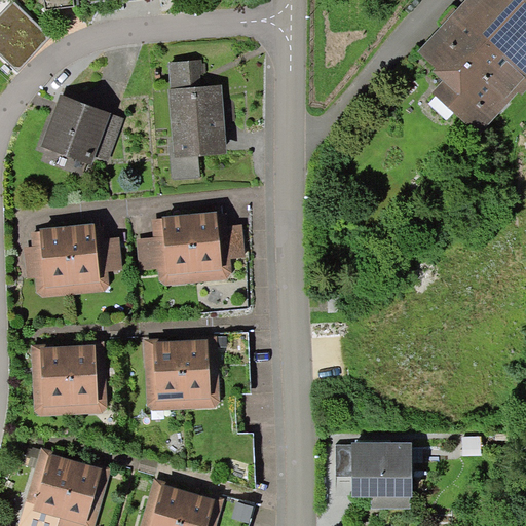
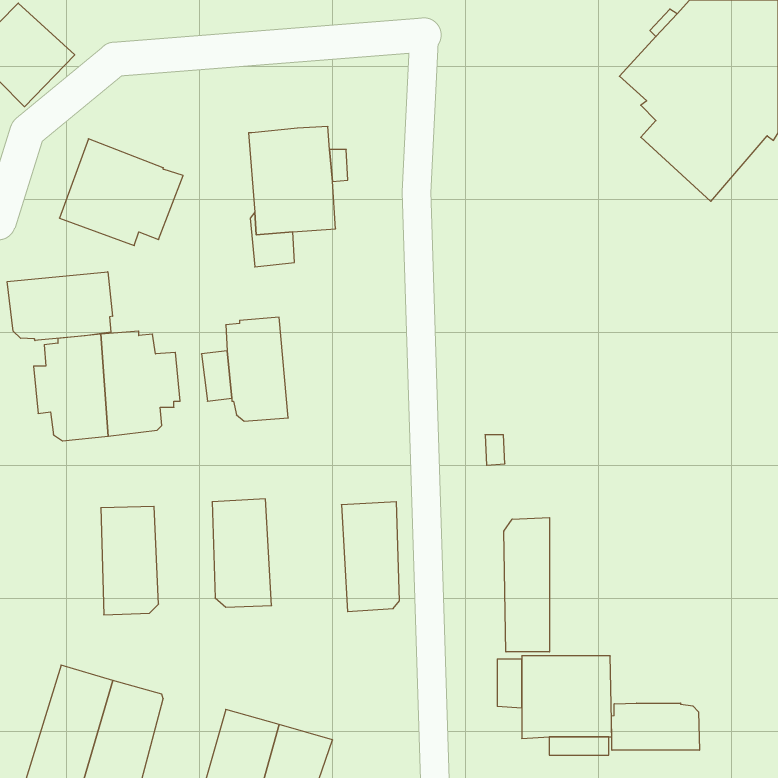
building: [167,61,205,90] -> none
building: none -> [7,272,113,341]
building: [188,212,246,283] -> none
building: [179,335,218,409] -> [341,502,399,612]
building: [31,343,70,416] -> none
building: none -> [504,518,549,652]
building: none -> [611,703,699,750]

